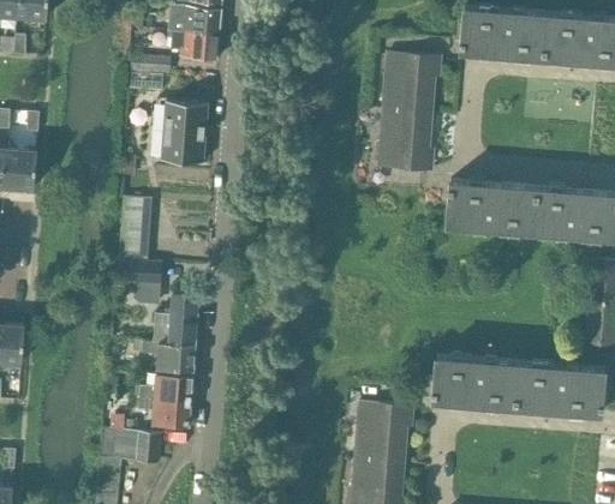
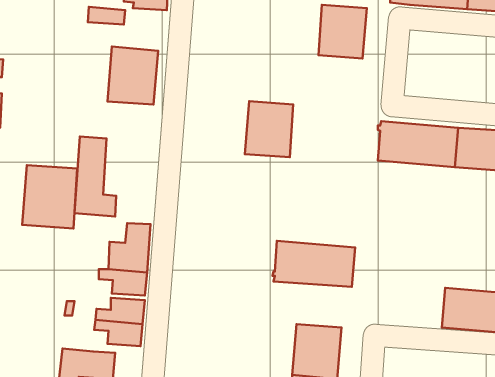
building: [378,110,431,172] -> [245,101,293,157]
building: none -> [22,165,77,229]
building: [431,358,521,408] -> [273,241,355,287]

